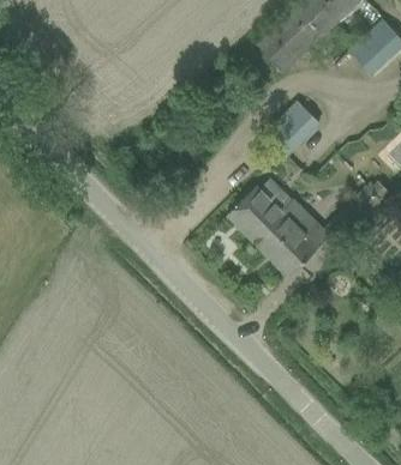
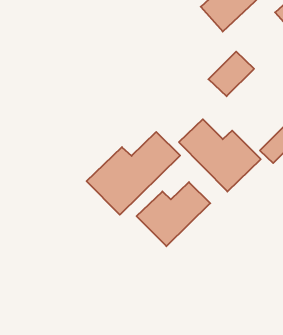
building: none -> [87,132,180,215]
building: none -> [137,182,210,246]

